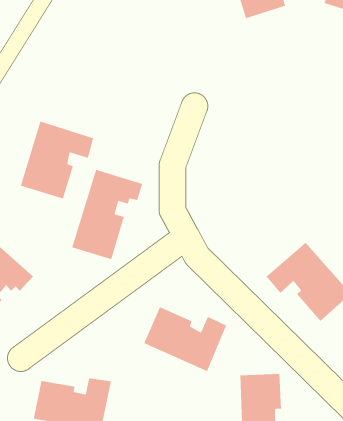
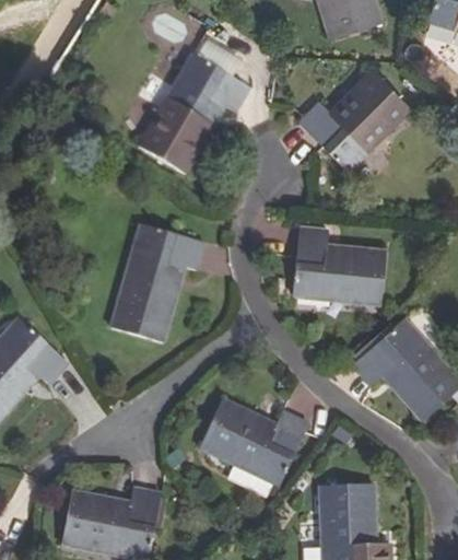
building: none -> [140,56,247,173]
building: none -> [302,71,409,170]
building: [20,121,94,200] -> none
building: none -> [292,228,386,303]

